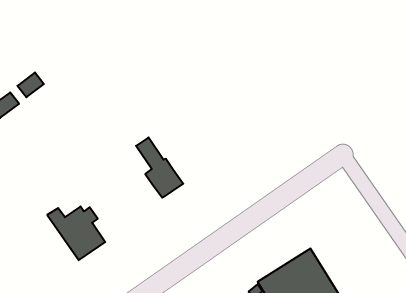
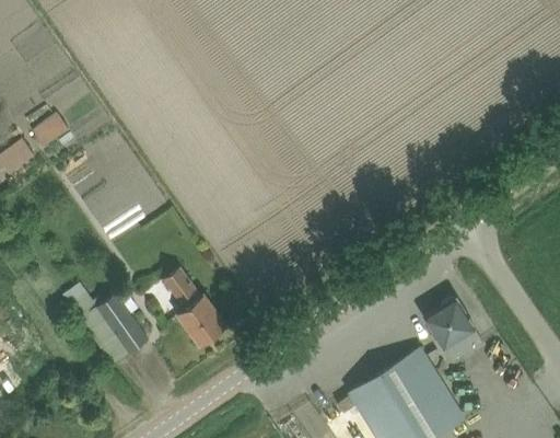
building: [136,137,183,198] -> [164,266,226,346]
building: none -> [423,297,482,362]

